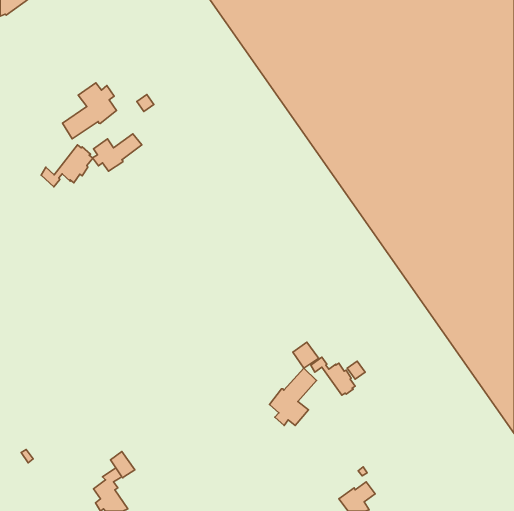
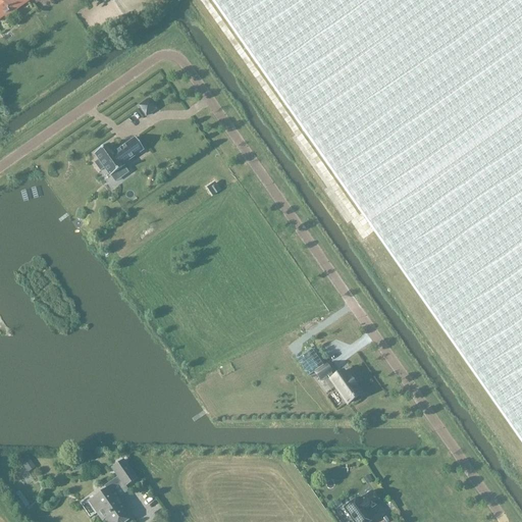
building: [62,83,116,139] -> none
building: [41,145,93,187] -> none
building: [270,368,316,426] -> none

